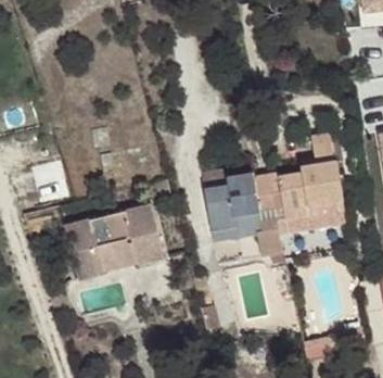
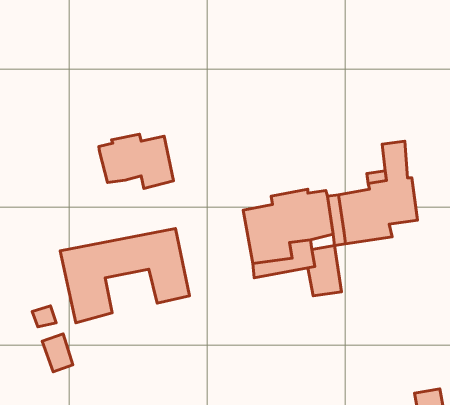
building: none -> [99,134,174,189]
building: [102,237,142,270] -> none

